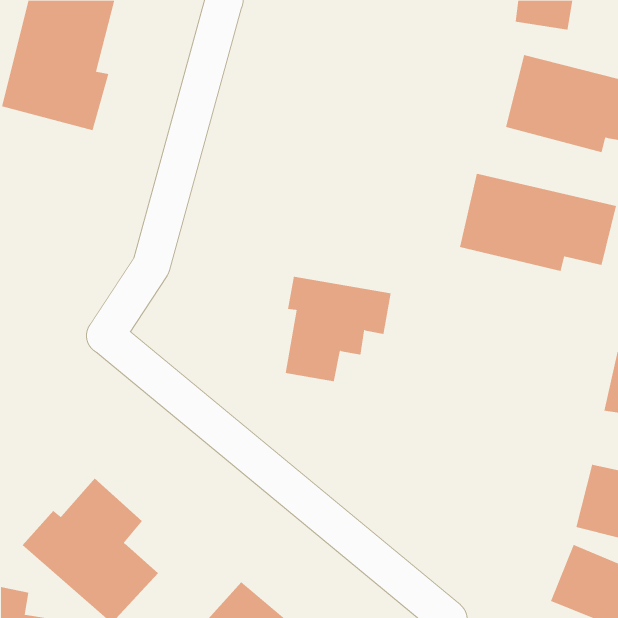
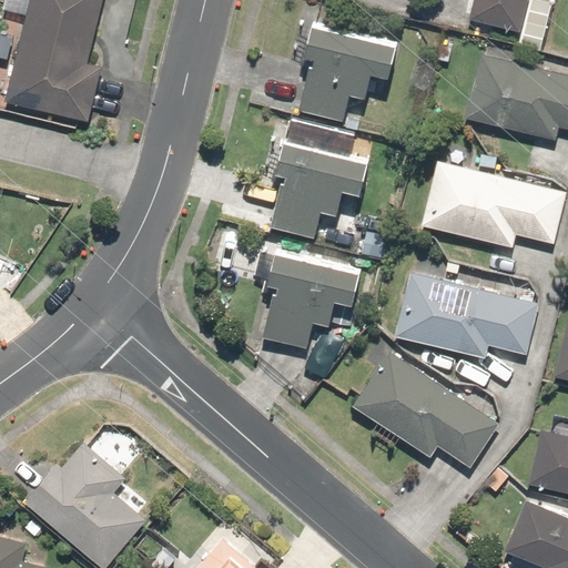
building: none -> [297,23,399,120]
building: none -> [267,135,371,239]
building: none -> [393,268,537,359]
building: none -> [352,349,498,466]

